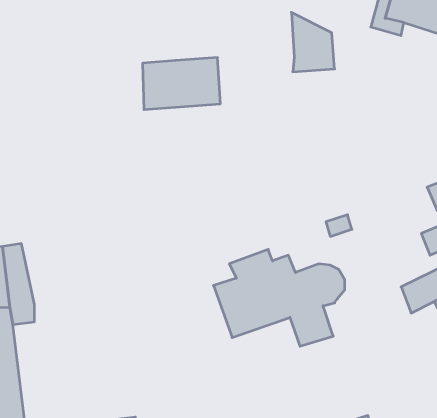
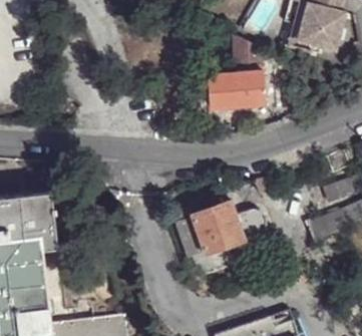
building: [143,58,220,110] -> [210,73,264,109]

